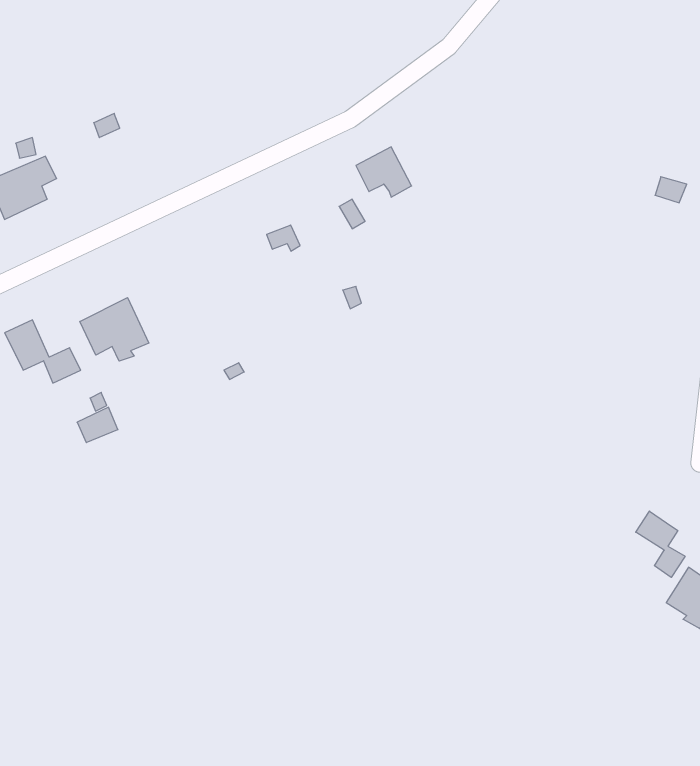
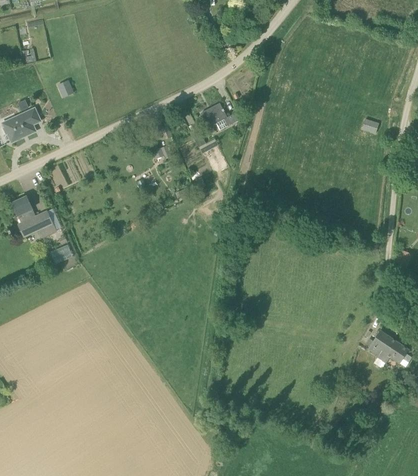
building: [80,298,149,361] -> none
building: [636,511,685,577] -> none

